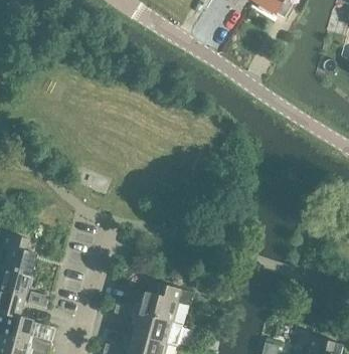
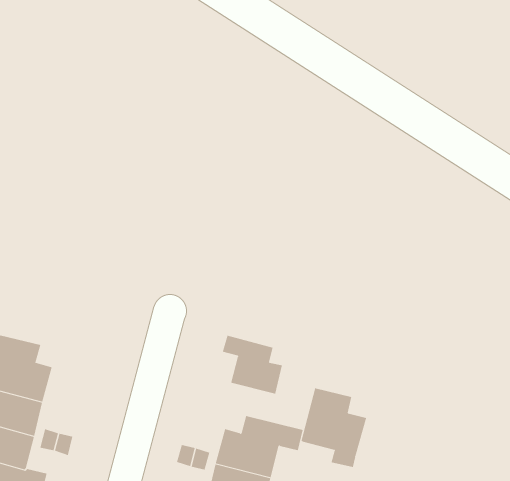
building: none -> [222,335,283,395]
building: none -> [301,387,367,468]

